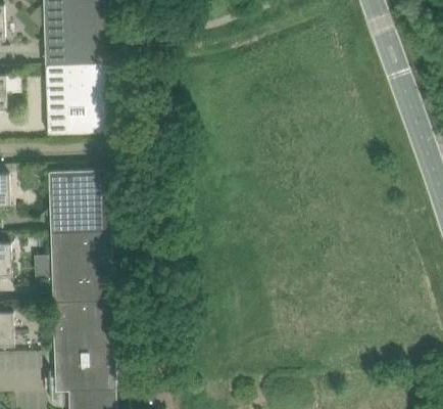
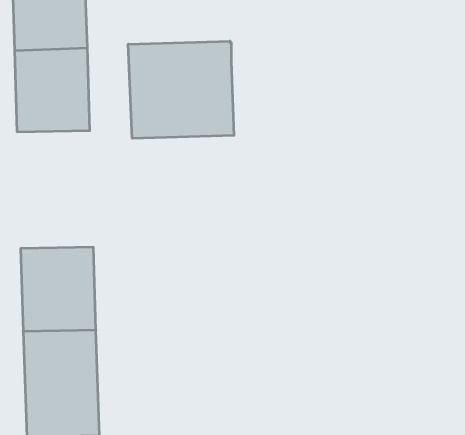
building: none -> [128,41,234,138]
building: [47,169,110,232] -> none

